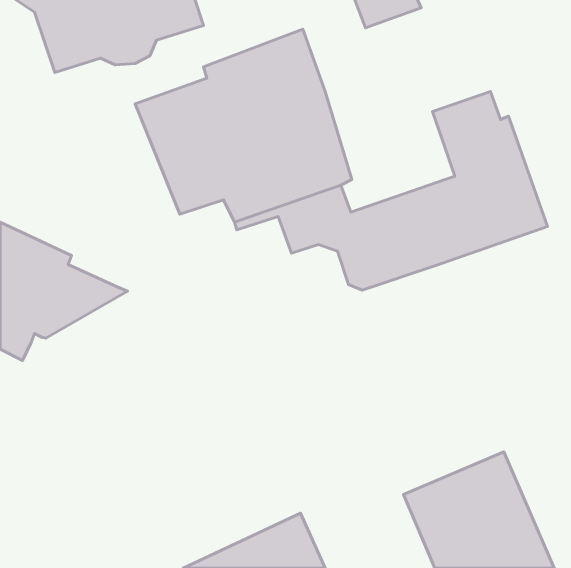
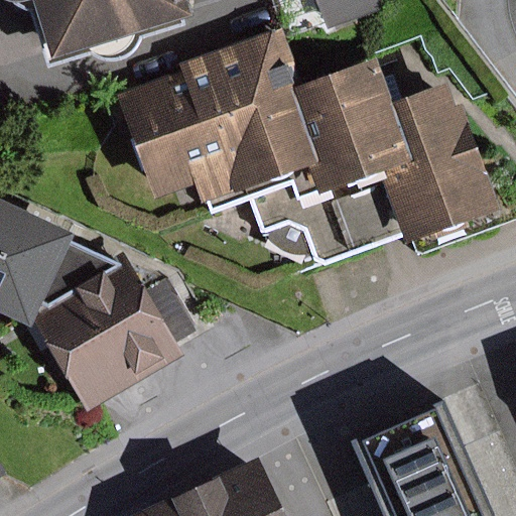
building: none -> [293,55,410,191]
building: none -> [24,253,192,412]

